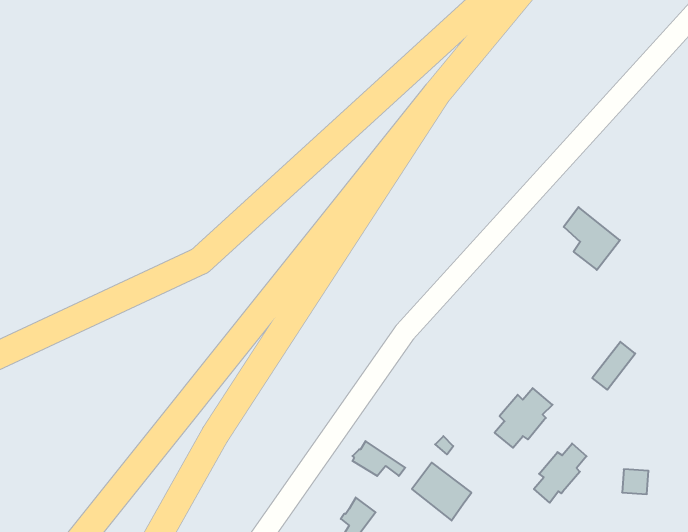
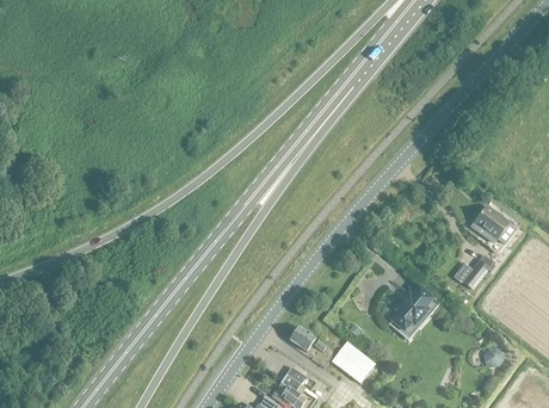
building: [564,207,620,270] -> [475,206,516,252]
building: [534,443,587,503] -> none

